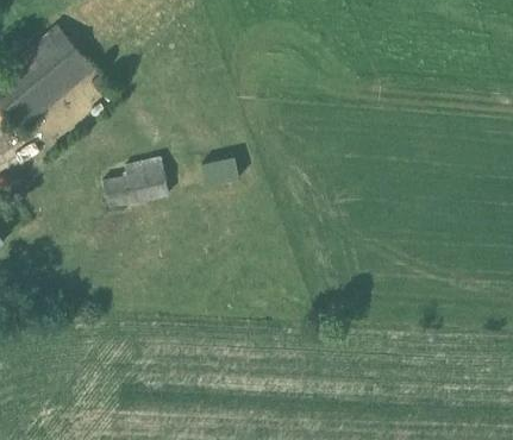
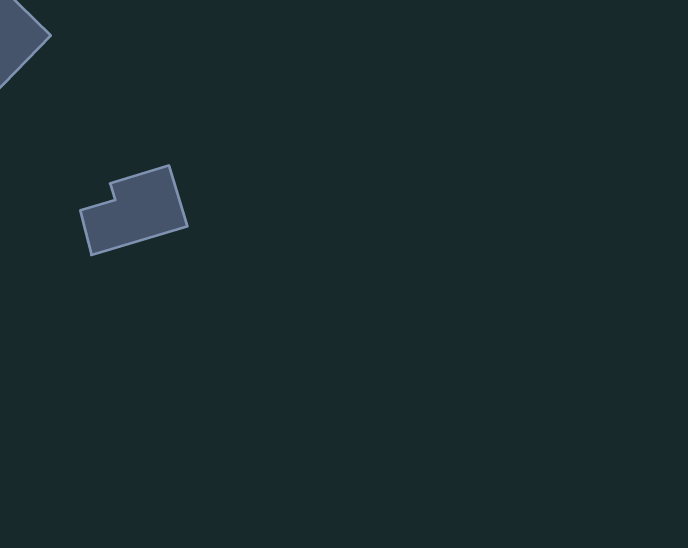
building: [201,156,240,184] -> none

